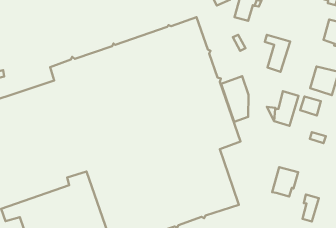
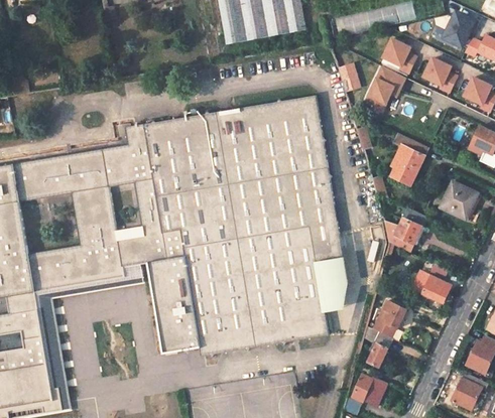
building: [221,76,248,122] -> [317,260,348,314]
building: [300,96,321,116] -> [424,276,452,302]
building: [303,195,319,221] -> [368,330,392,365]

